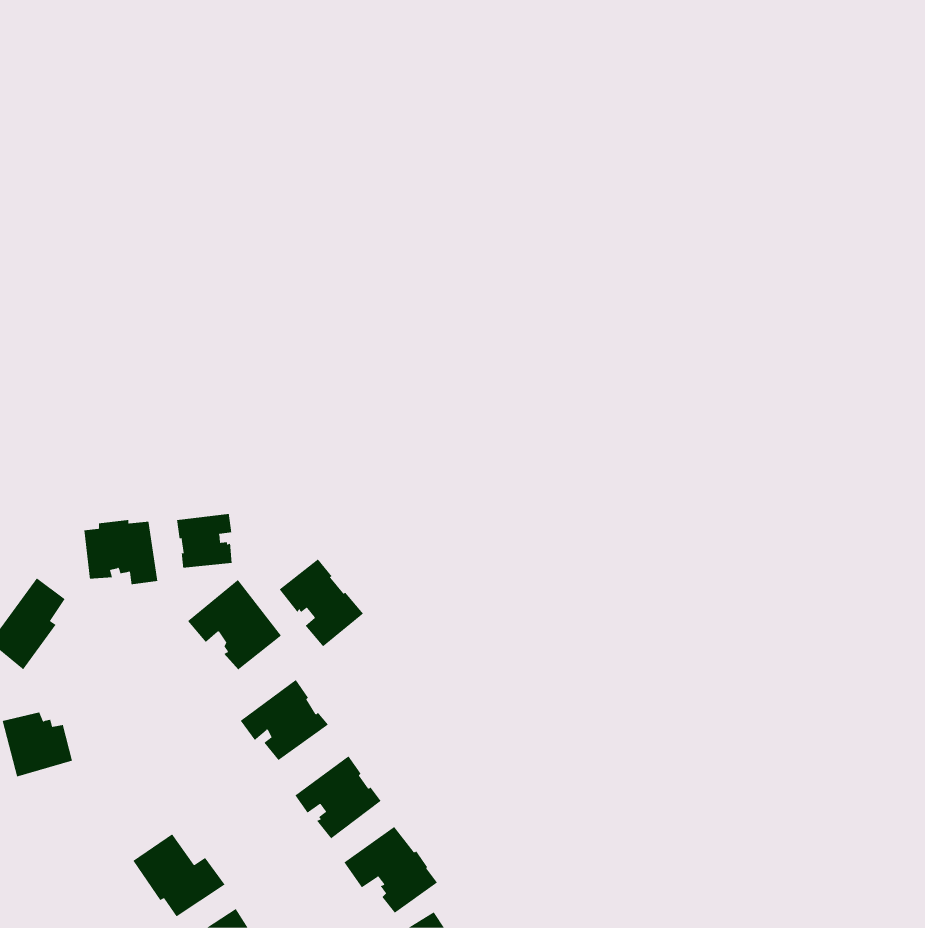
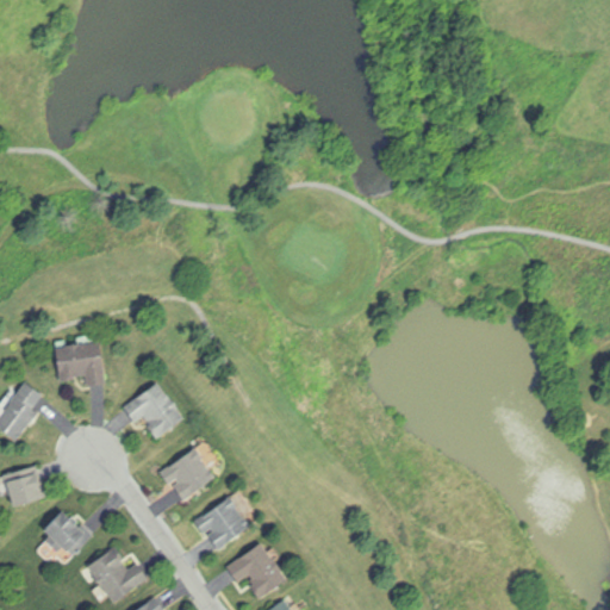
building: [177,513,232,569] -> none
building: [279,558,364,647] -> none
building: none -> [42,509,92,559]

